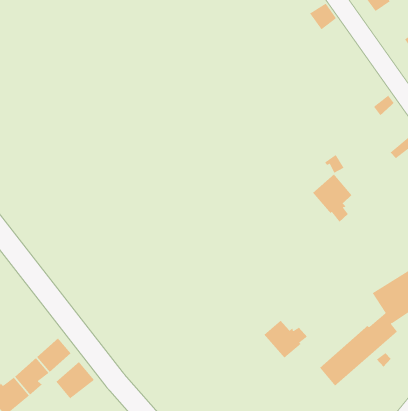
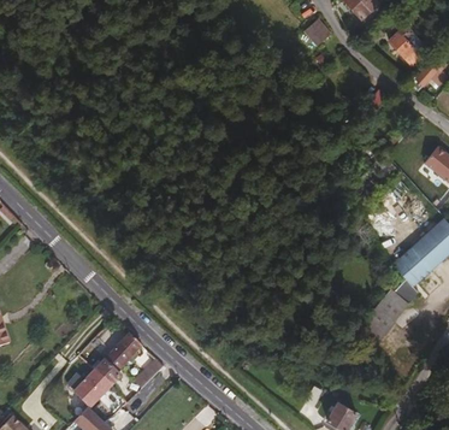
building: [312,173,352,223] -> none
building: [263,320,308,359] -> none

